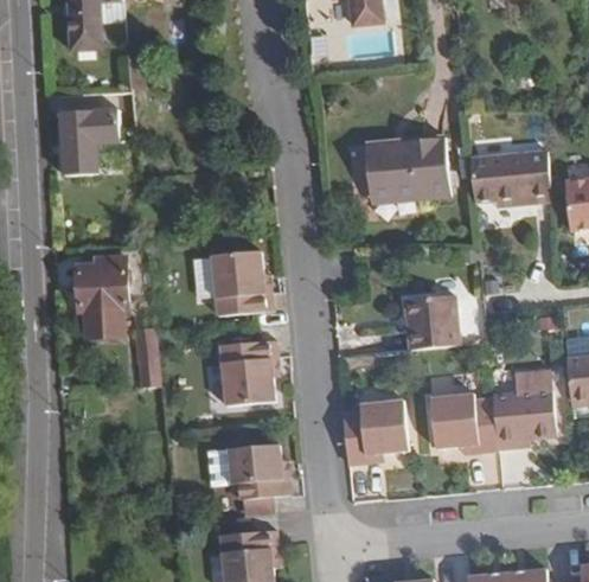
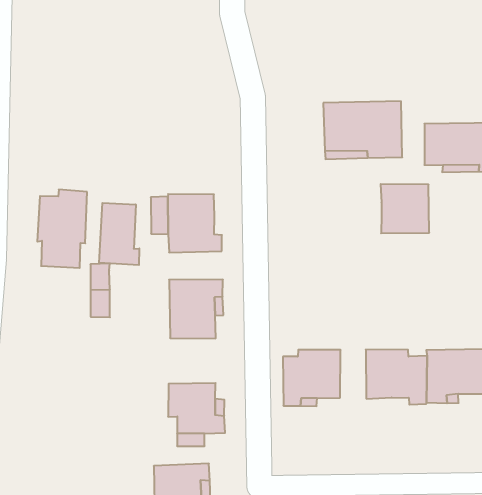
building: [60,108,121,175] -> none
building: none -> [99,203,139,265]
building: [405,295,460,350] -> [381,184,429,233]

